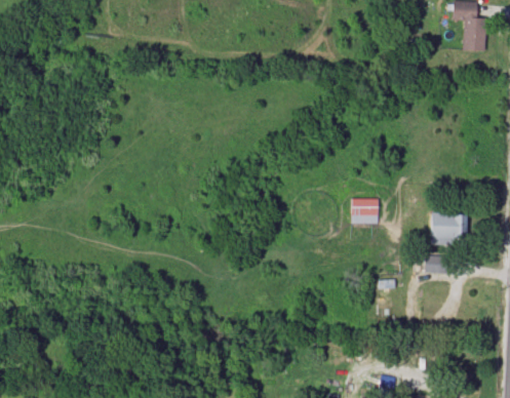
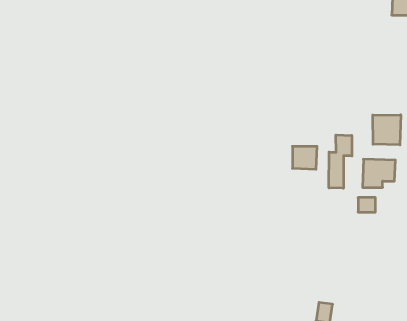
building: none -> [373,115,401,145]
building: none -> [329,135,352,188]

